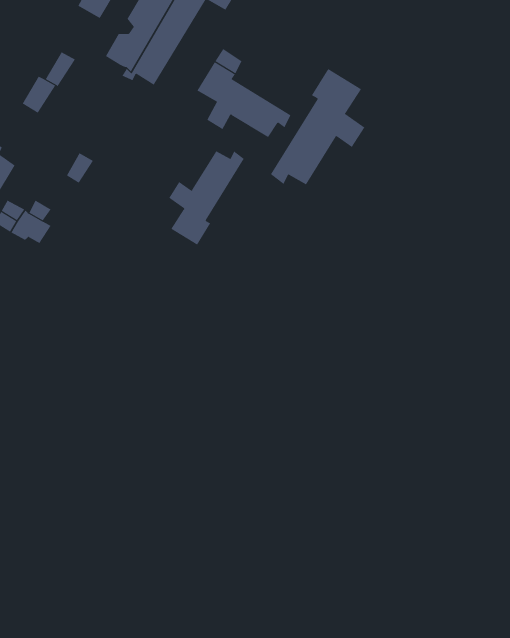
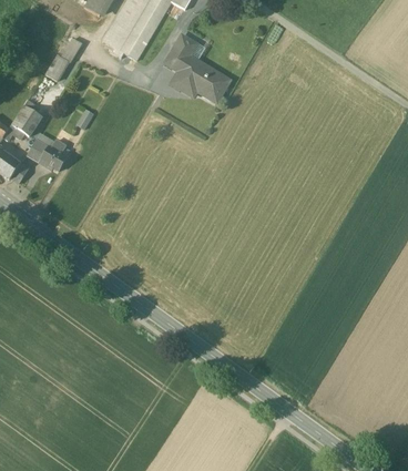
building: [270,68,365,185] -> none
building: [168,150,245,246] -> none

